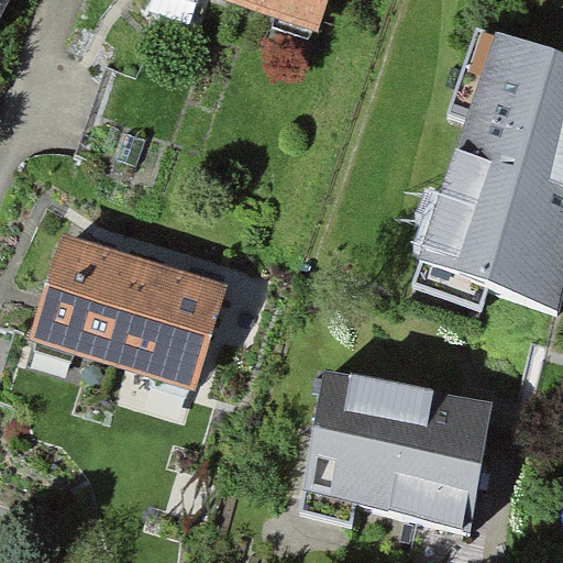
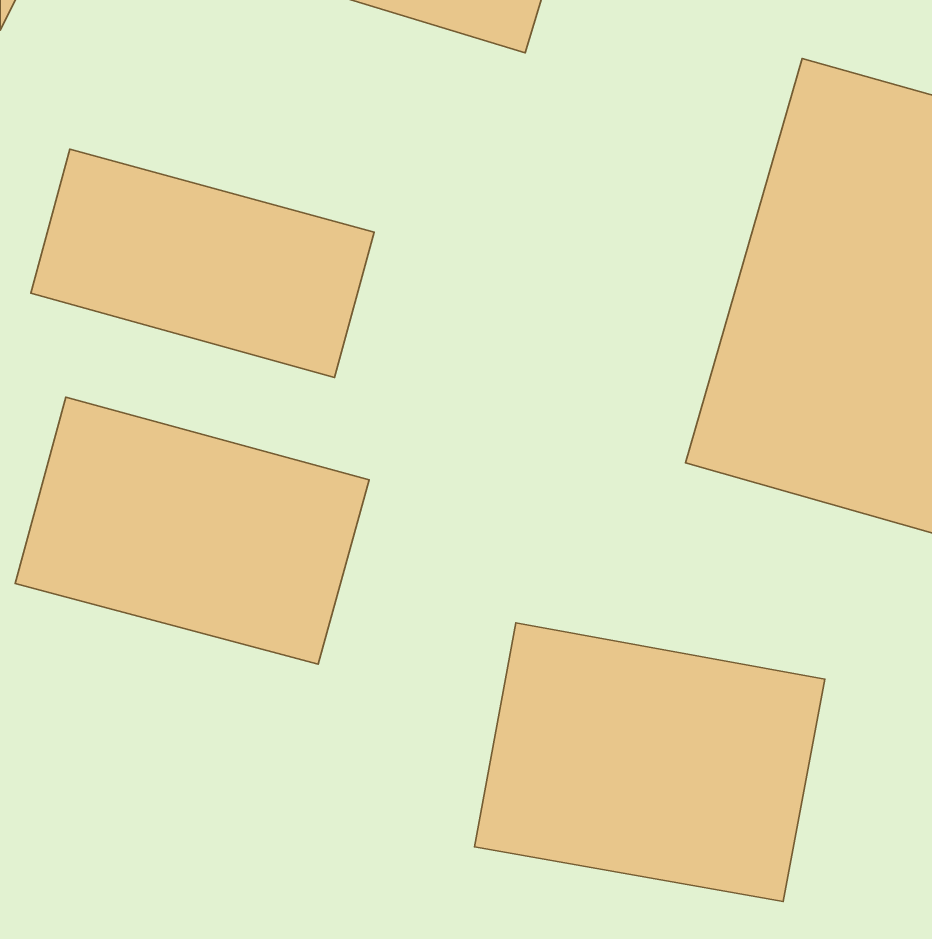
building: none -> [31,149,374,377]

